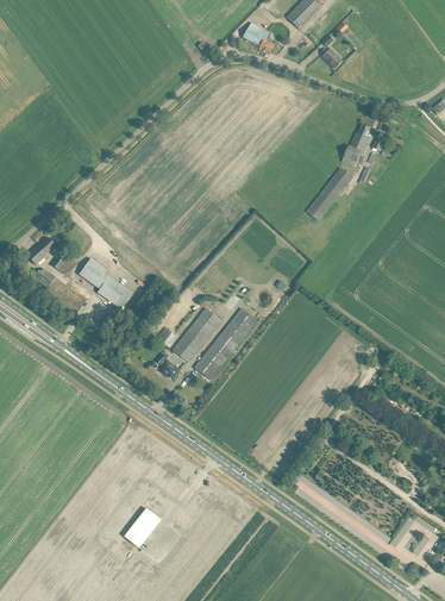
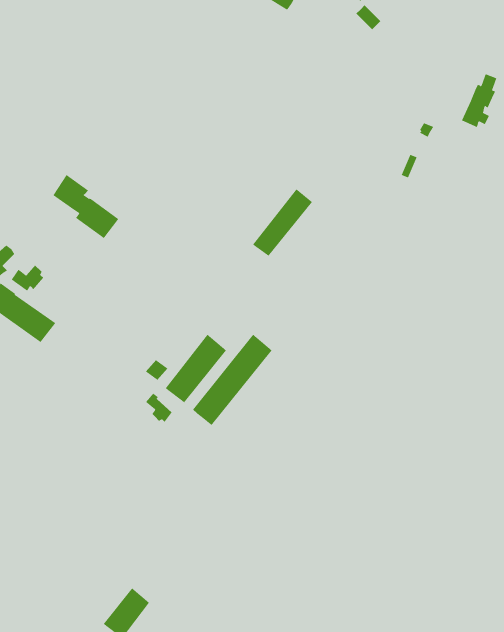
building: [343,124,371,167] -> [461,74,497,128]
building: [306,167,353,220] -> [252,189,313,257]
building: [80,257,132,308] -> [53,174,119,239]

